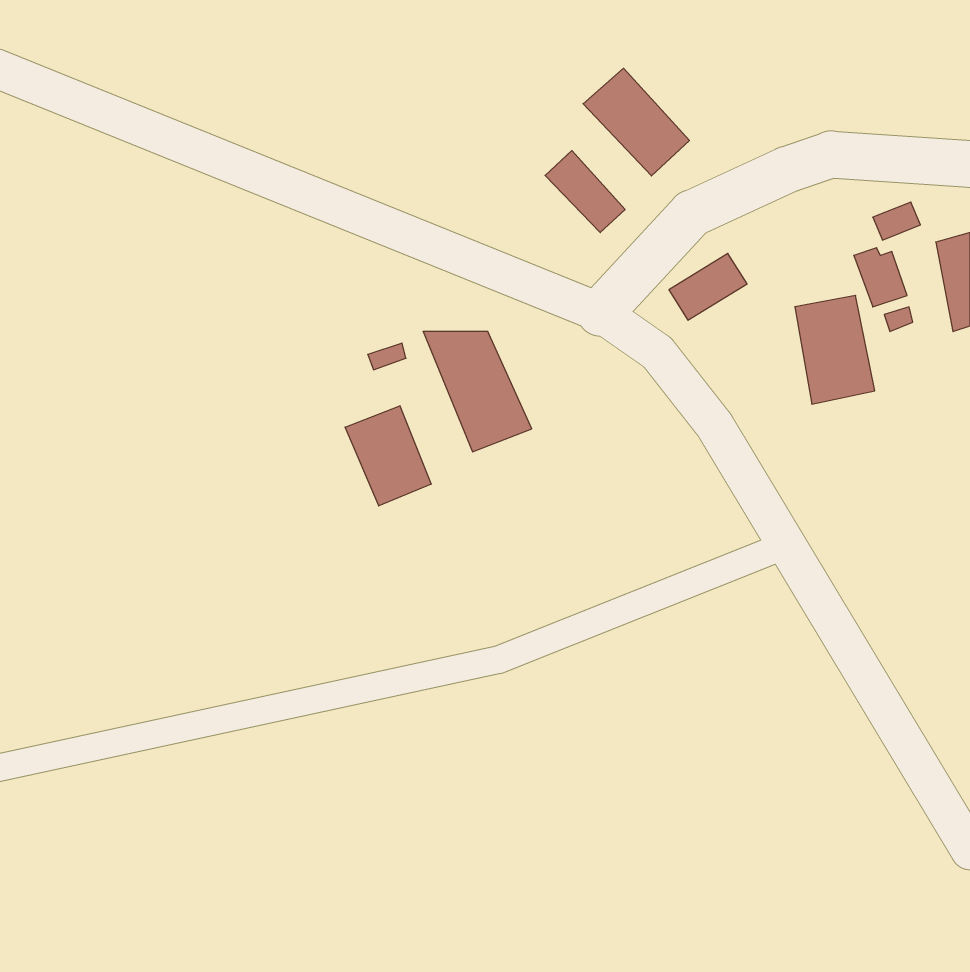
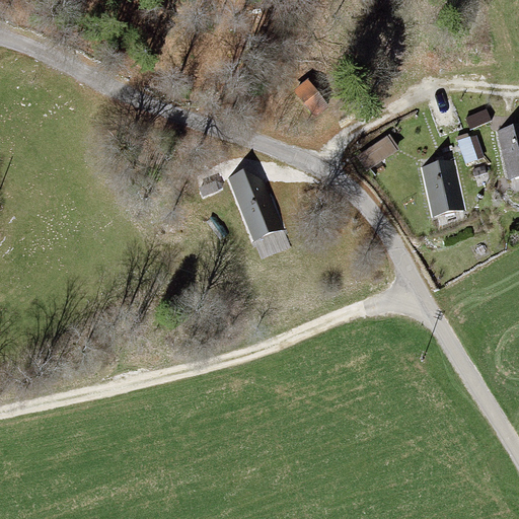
building: [583,68,689,176] -> none
building: [345,406,431,506] -> none

